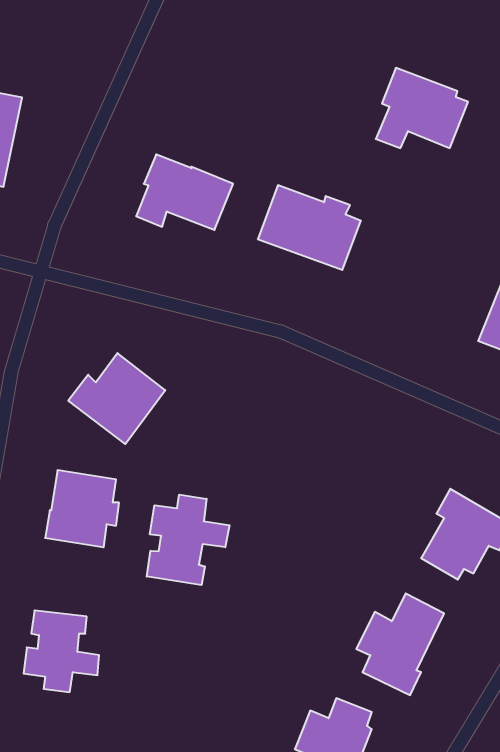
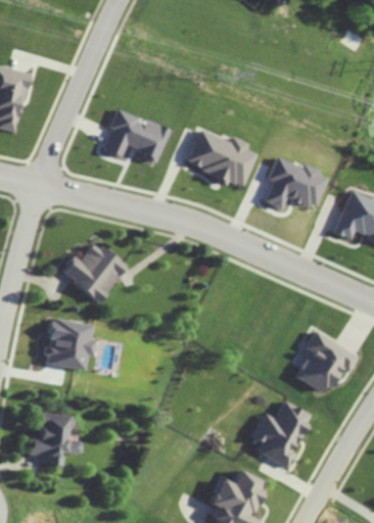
building: [376,68,468,148] -> [262,156,323,209]
building: [147,495,230,585] -> none

